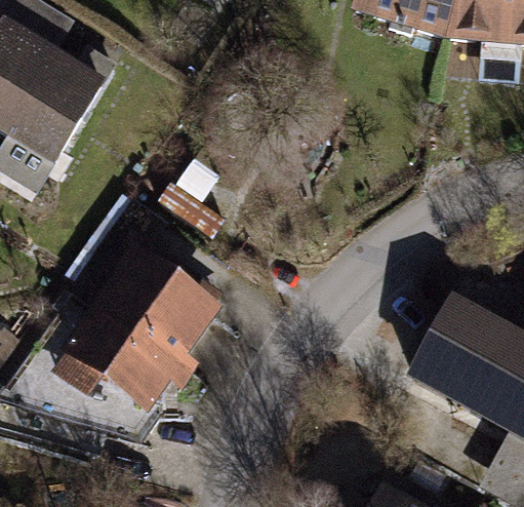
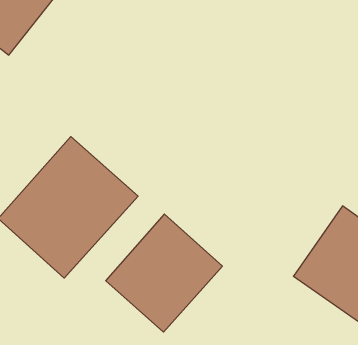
building: none -> [106,214,222,332]

